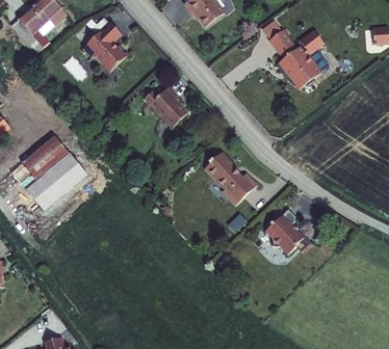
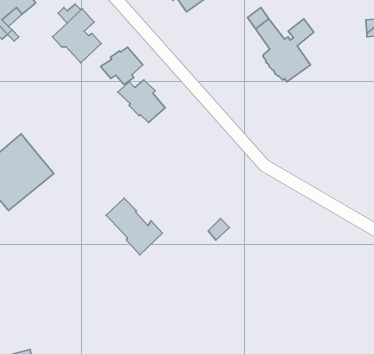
building: none -> [101,47,143,85]
building: [202,152,254,204] -> [106,198,163,255]
building: [262,208,301,252] -> none

